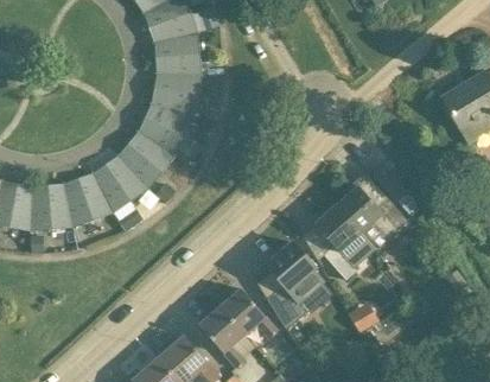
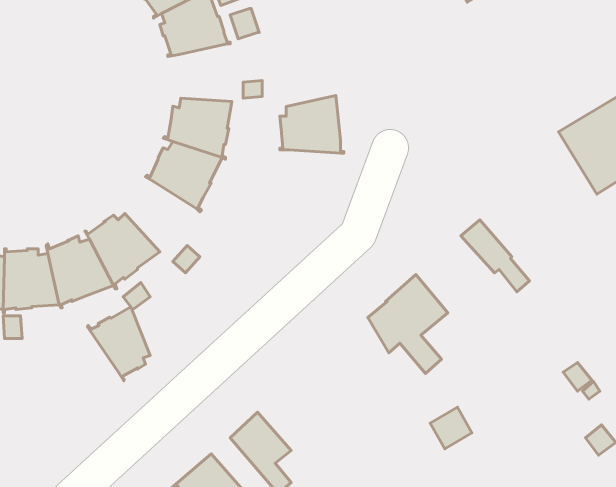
building: [154,33,202,76] -> [280,95,344,153]
building: [116,135,173,190] -> none
building: [336,185,407,250] -> none
building: none -> [88,307,150,381]
building: [266,242,323,330] -> none
building: [218,288,275,337] -> none

